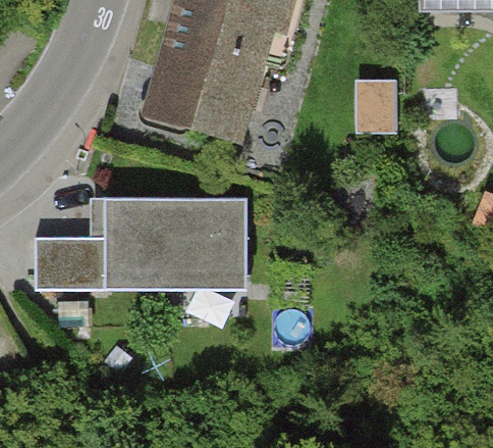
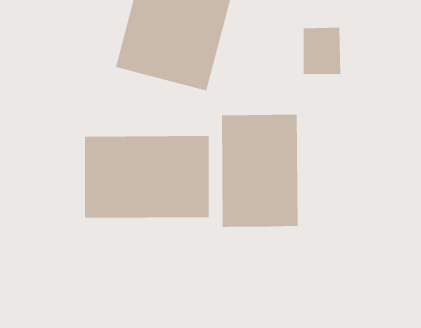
building: none -> [221,114,298,228]
building: [37,232,105,286] -> none

